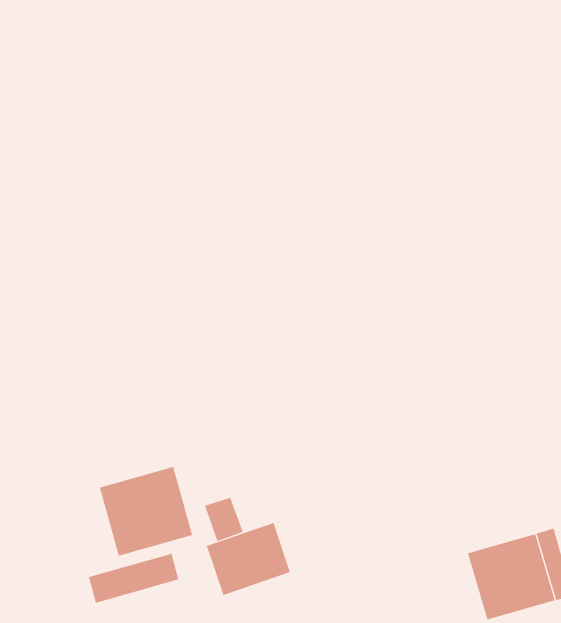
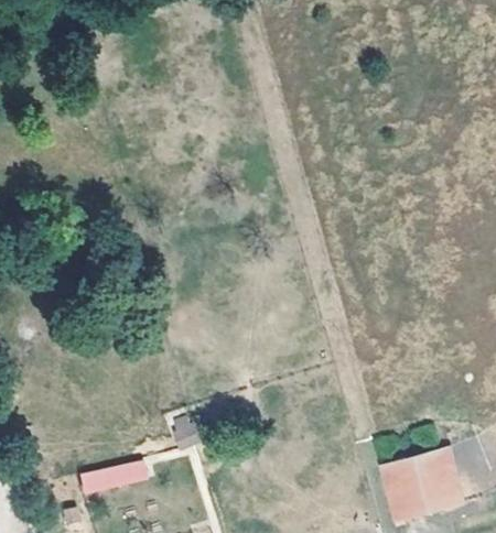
building: [99,466,193,557] -> none
building: [206,522,291,596] -> none

